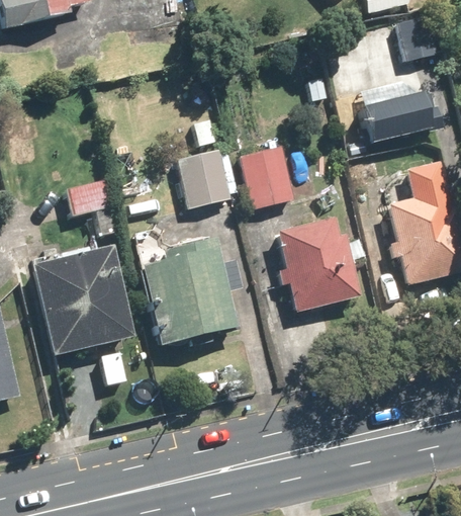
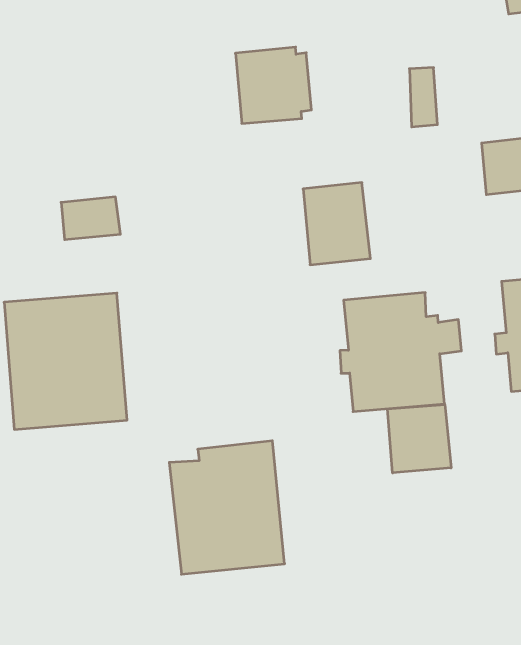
building: [176,148,236,207] -> [235,47,311,123]
building: [142,238,234,342] -> [169,441,285,574]
building: none -> [388,404,451,473]

